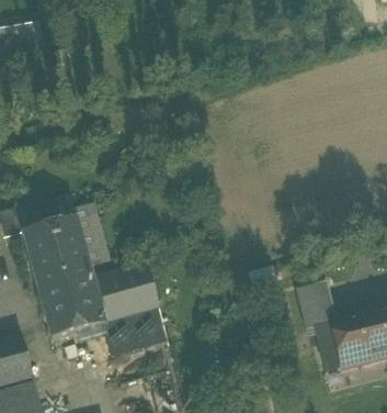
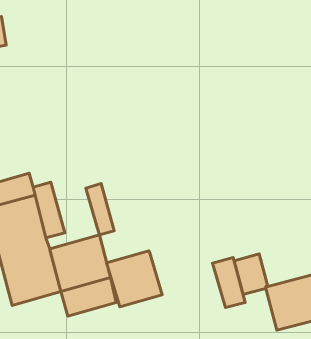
building: none -> [86,184,114,235]
building: none -> [107,251,162,307]
building: none -> [212,257,245,308]

